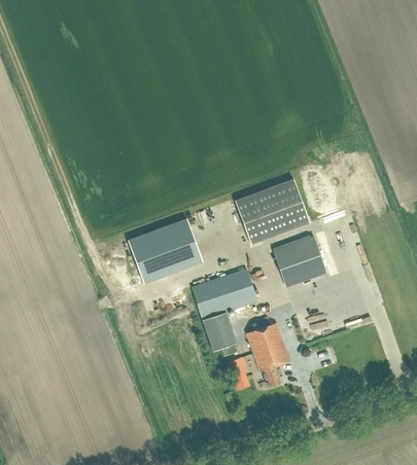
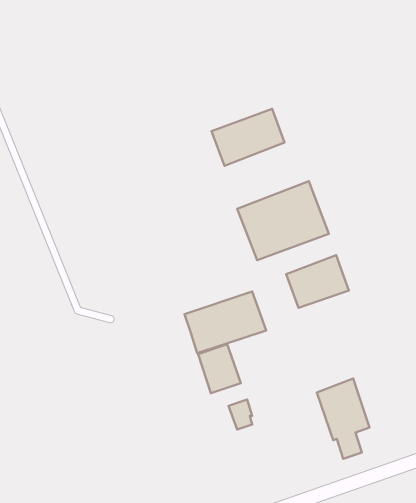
building: none -> [211,109,285,166]
building: [127,218,202,284] -> none
building: [246,322,289,388] -> [317,379,369,459]

